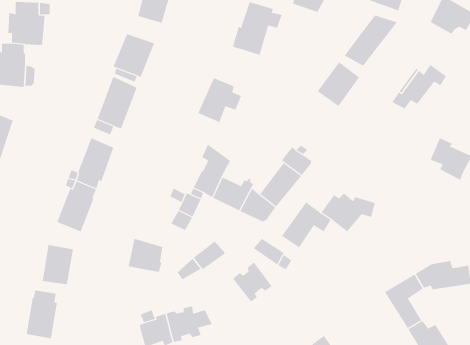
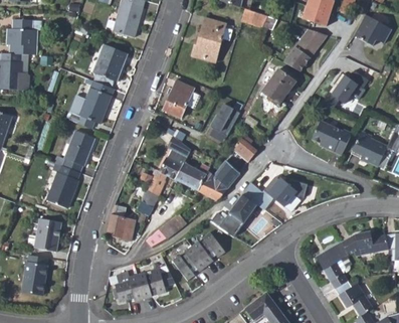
building: none -> [212,102,241,135]
building: none -> [311,120,351,154]
building: none -> [172,246,206,280]

